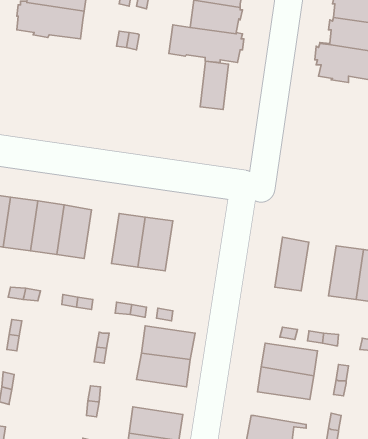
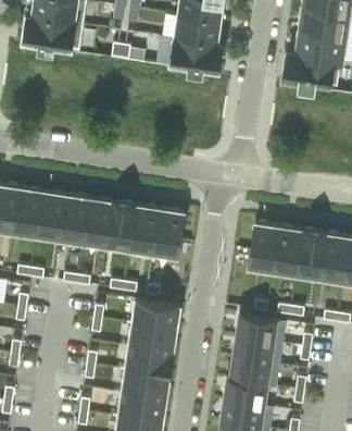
building: [200,61,228,110] -> none
building: none -> [83,198,113,245]
building: none -> [153,208,183,255]
building: none -> [272,226,302,273]
building: none -> [125,346,172,377]
building: none -> [230,357,279,385]

